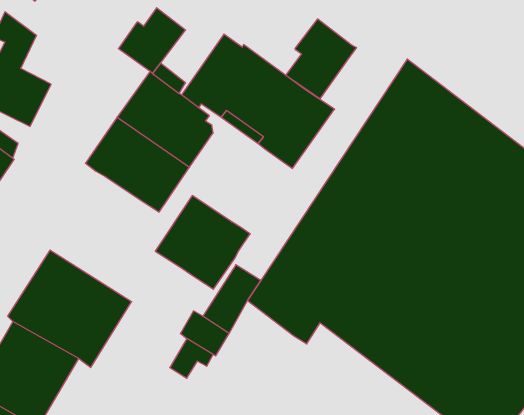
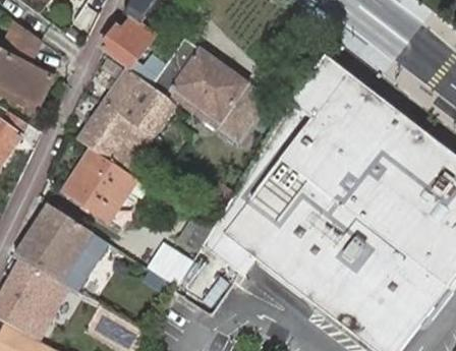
building: [286,19,356,99] -> none
building: [155,196,250,289] -> [64,149,137,221]

